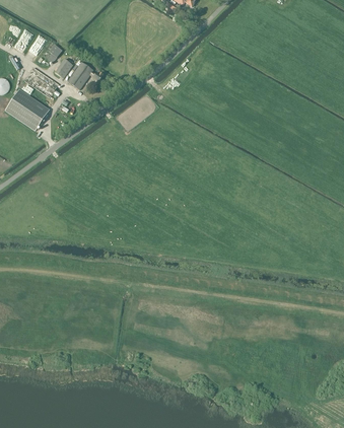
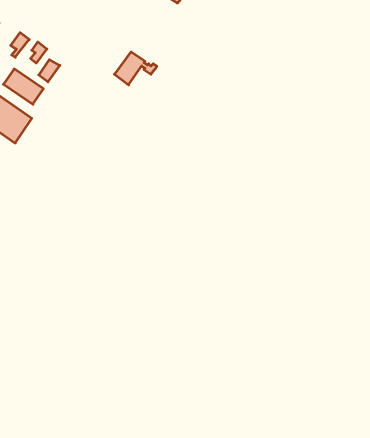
building: [67,62,104,90] -> [114,52,157,85]

